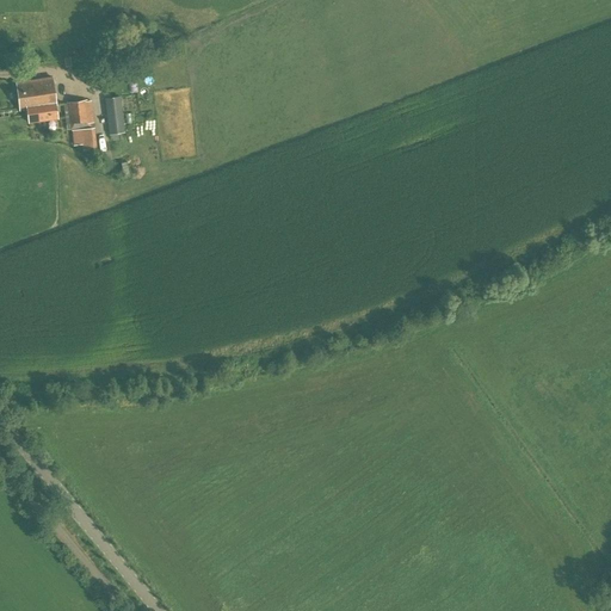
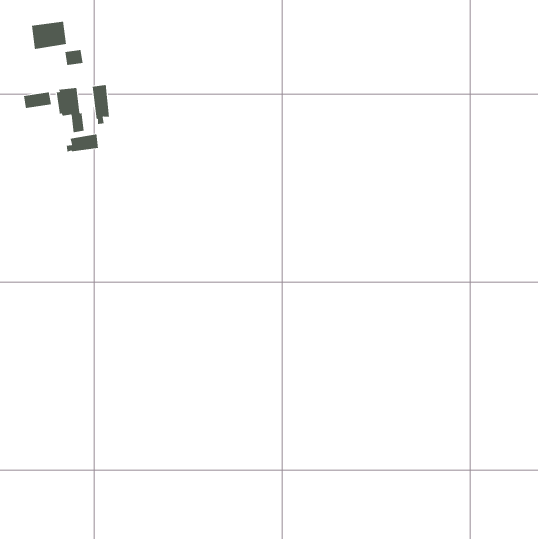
building: [17,78,57,110] -> [31,21,67,50]
building: none -> [66,134,99,153]

